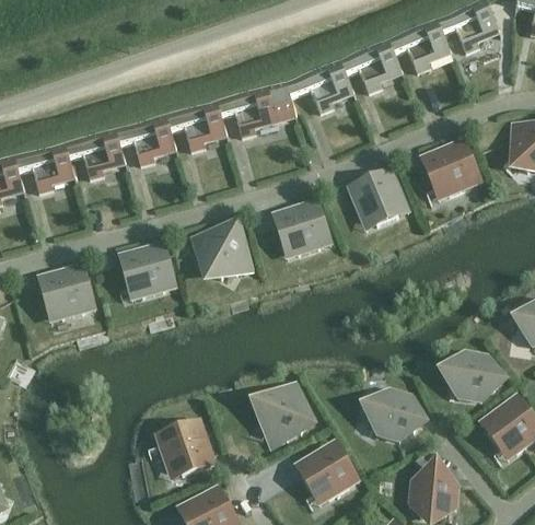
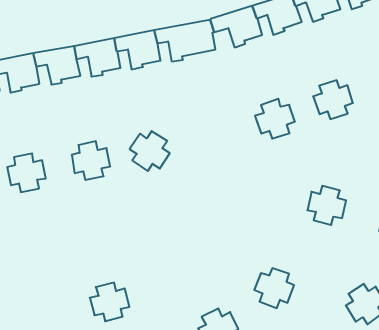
building: [277,205,327,255] -> none
building: [449,353,497,402] -> [307,186,346,225]
building: [258,390,309,441] -> none

